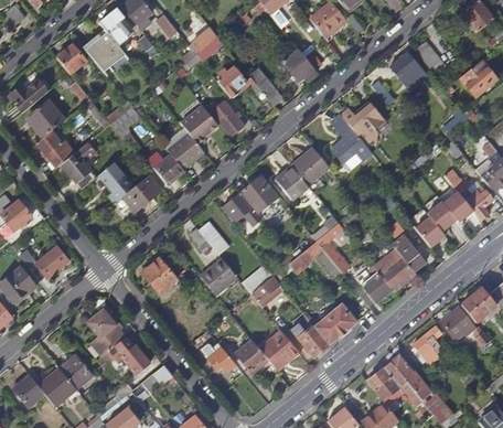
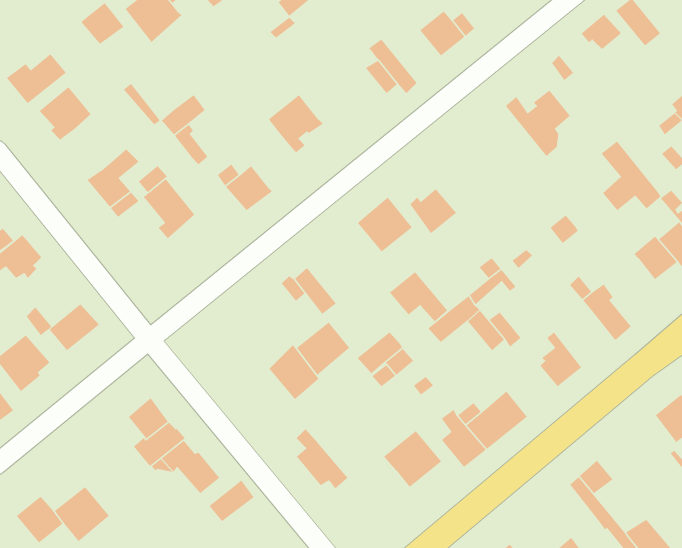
building: [217,66,254,97] -> none
building: [206,100,245,137] -> none
building: [330,114,371,161] -> [601,140,661,211]
building: [36,130,72,168] -> none
building: [168,132,205,169] -> none
building: [293,147,329,184] -> none
building: [122,175,161,211] -> none
building: [223,192,263,226] -> [389,271,448,322]
building: [416,216,446,247] -> none
building: [377,249,416,290] -> none
building: [142,256,176,293] -> [268,344,319,400]
building: [413,325,443,362] -> none
building: [236,340,268,373] -> none
building: [60,355,93,388] -> none
building: [400,364,436,399] -> none
building: [367,367,404,405] -> none

